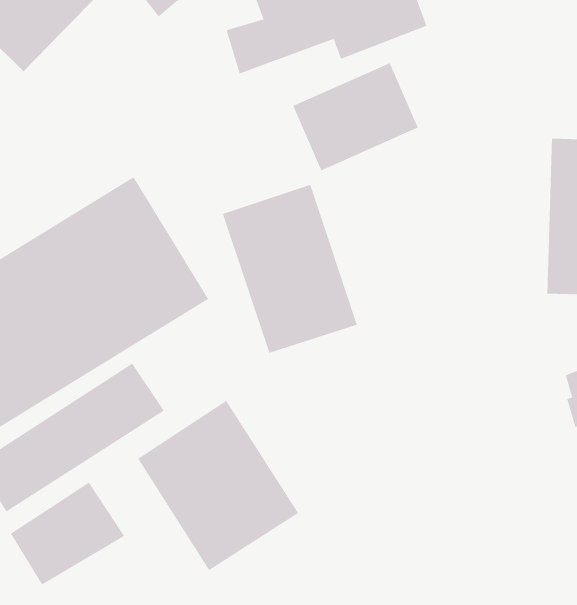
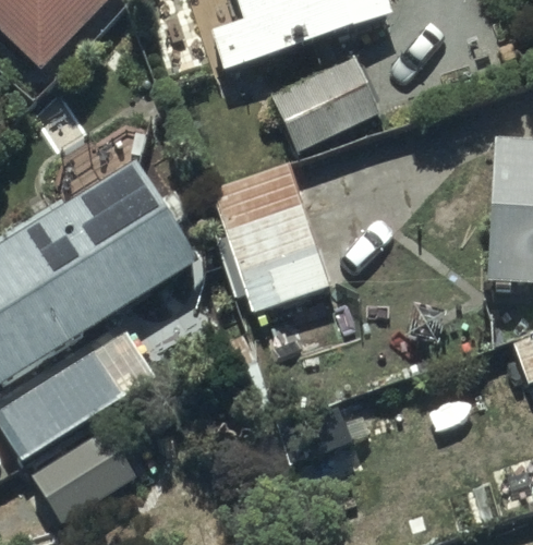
building: [137,400,299,571] -> none

